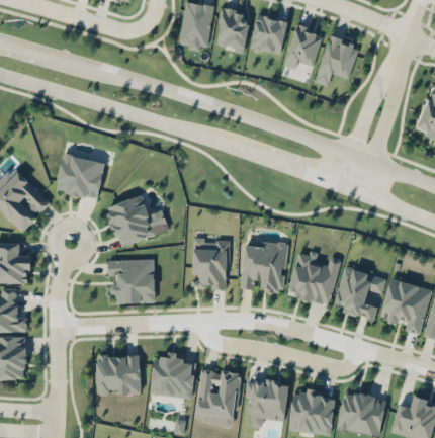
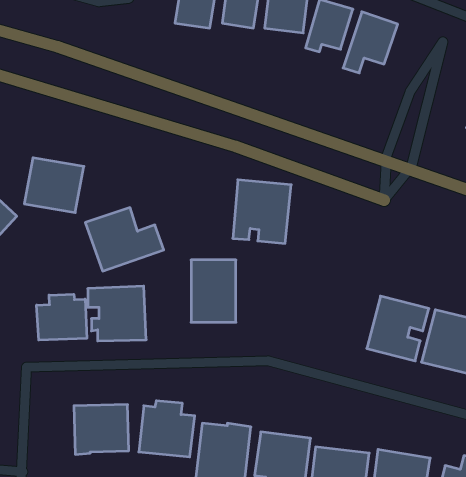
building: [241,241,288,292] -> [233,180,291,243]
building: [288,251,341,305] -> none
building: none -> [37,294,87,340]

